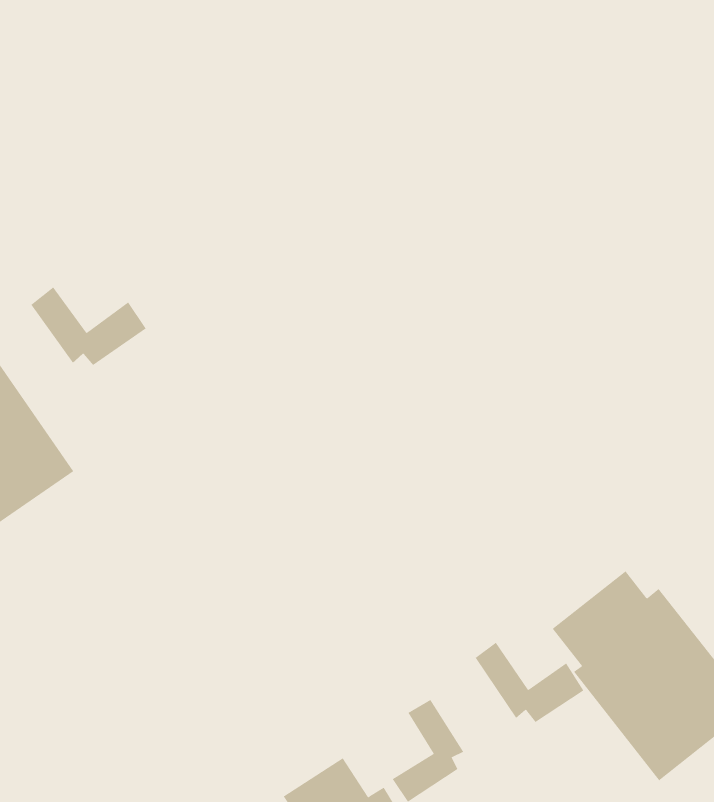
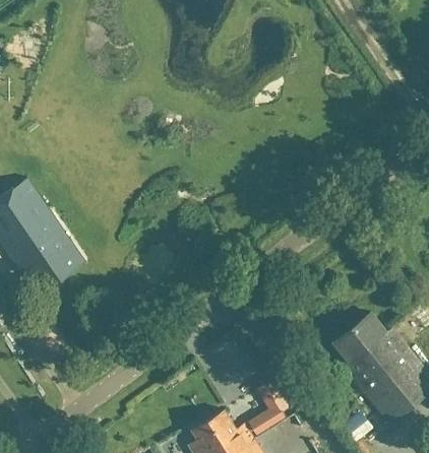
building: [30,287,147,366] -> none
building: [475,642,584,723] -> none

